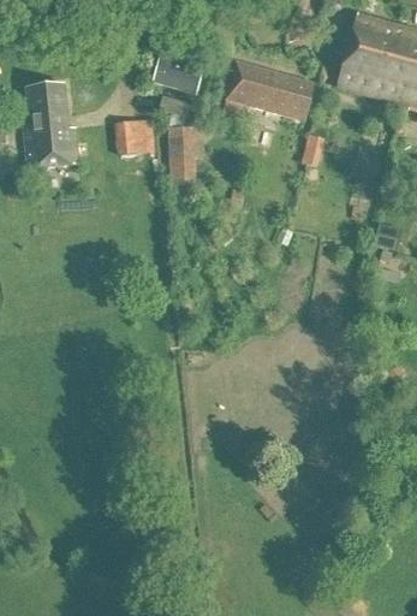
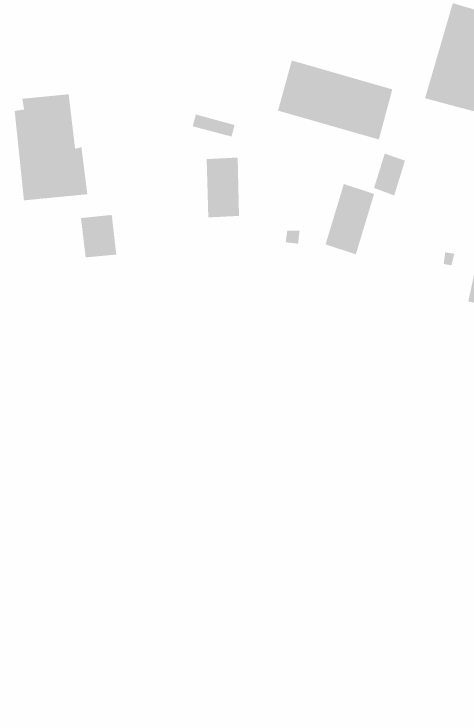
building: [153,52,204,94] -> none
building: [114,122,143,155] -> [80,215,117,258]
building: none -> [325,183,375,255]

